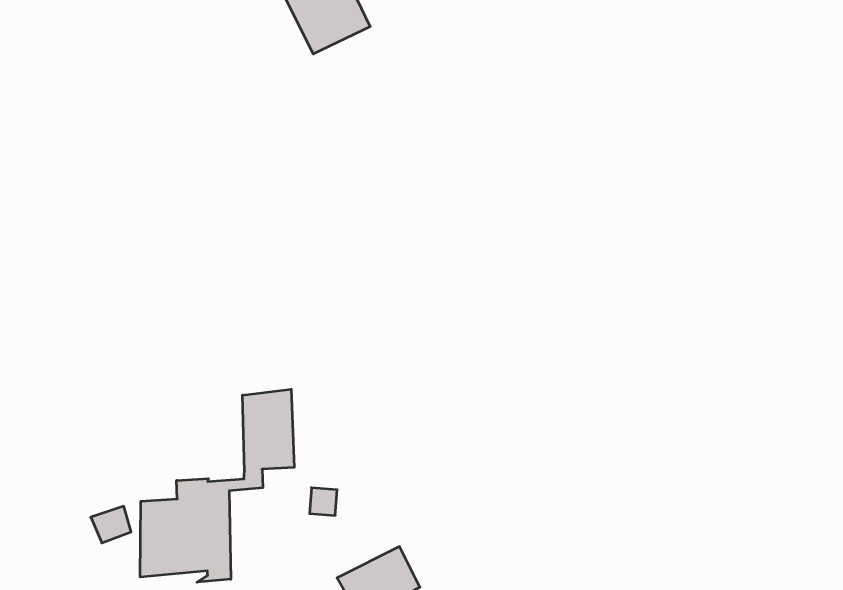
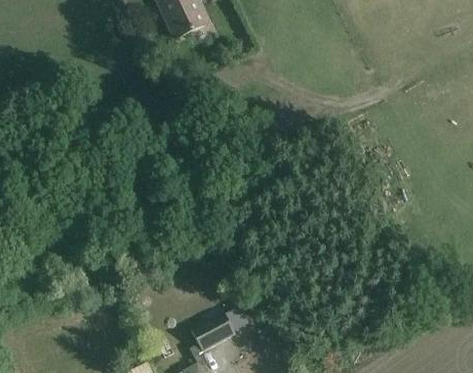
building: [140,389,294,582] -> none

